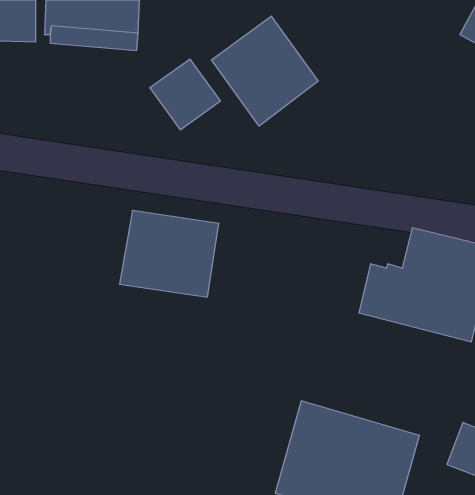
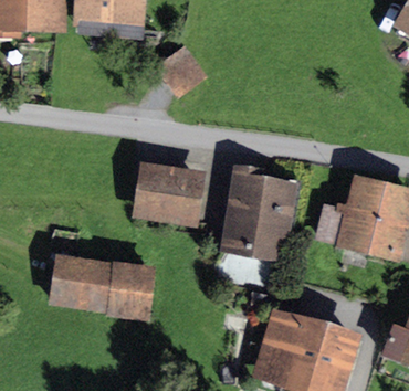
building: [211,16,318,126] -> none
building: none -> [219,165,298,261]
building: none -> [48,251,158,323]

